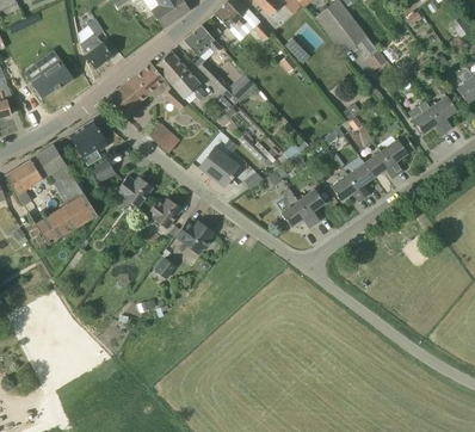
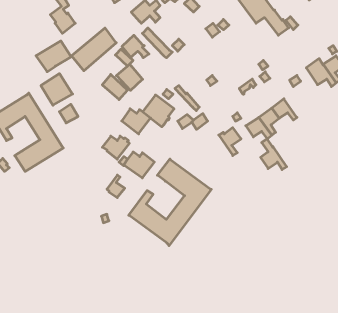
building: [154,51,187,85] -> [116,64,143,90]
building: [30,57,75,97] -> [36,41,71,72]
building: [380,136,414,175] -> none
building: [116,175,153,208] -> [122,109,151,134]
building: [280,189,314,228] -> [261,139,287,170]
building: none -> [129,159,211,246]

